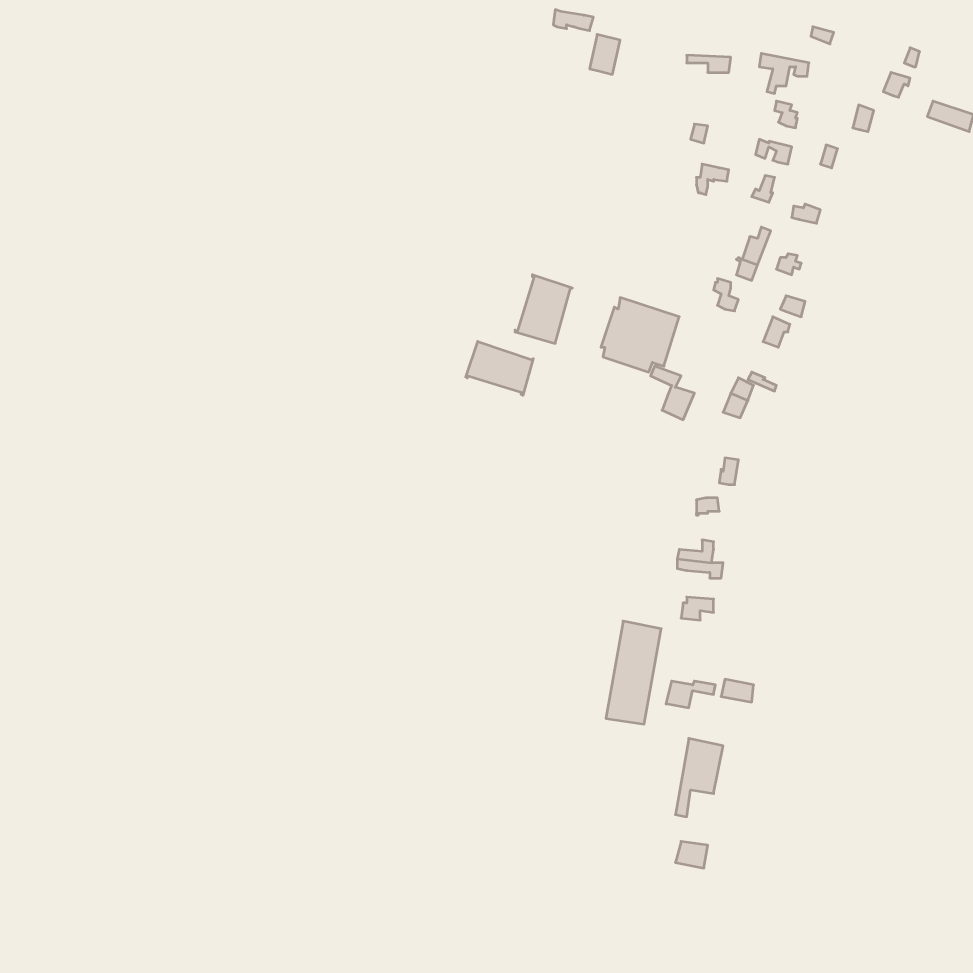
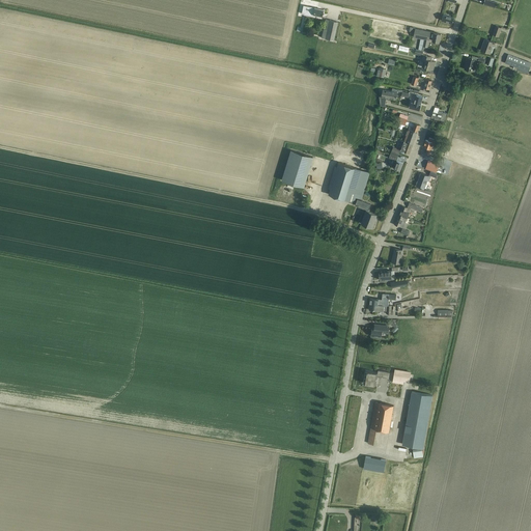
building: [466,341,533,395] -> none
building: [606,621,661,724] -> [401,392,431,448]

